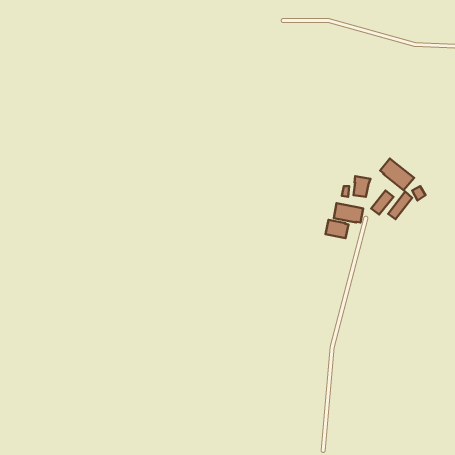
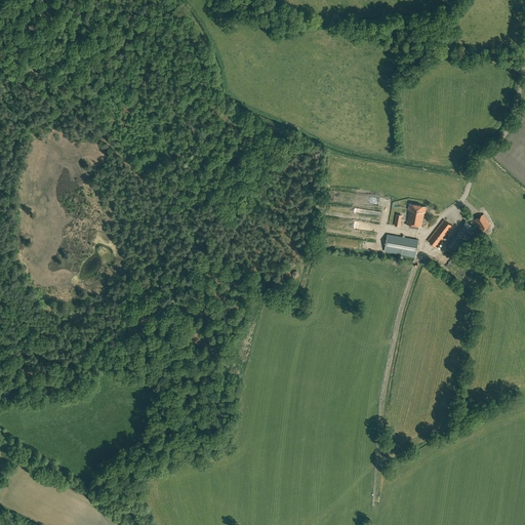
building: [380,158,414,190] -> none
building: [326,220,348,238] -> none

